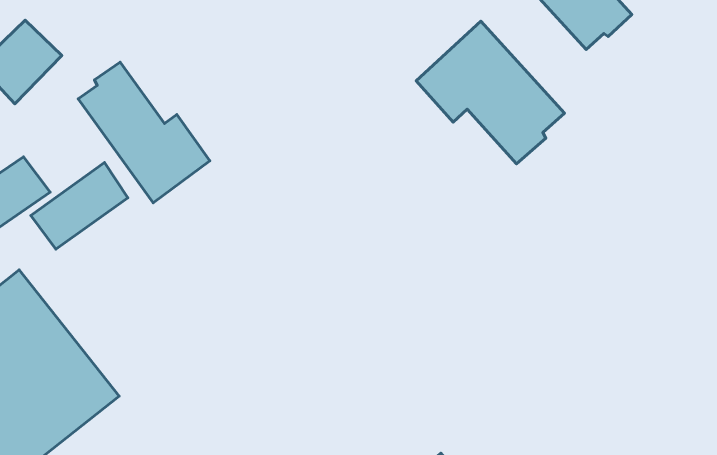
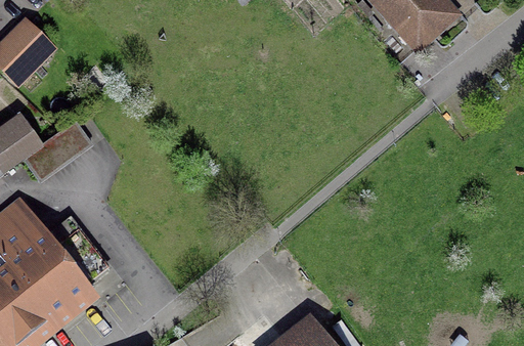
building: [416,21,564,164] -> none
building: [78,62,210,203] -> none

